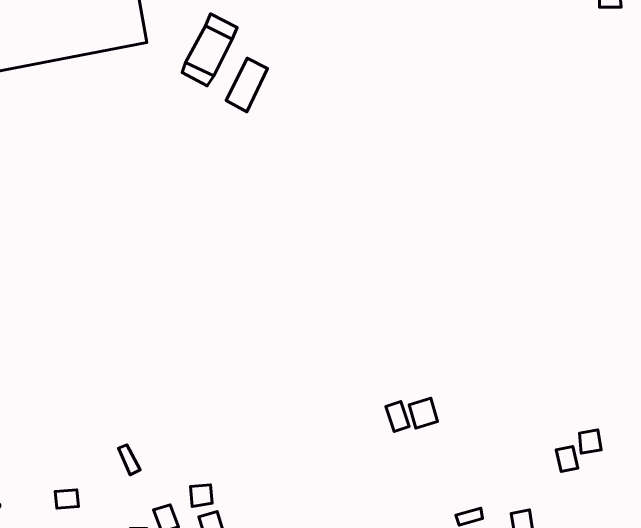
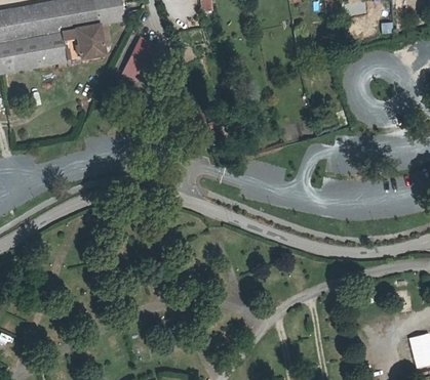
building: [226,58,267,112] -> none

